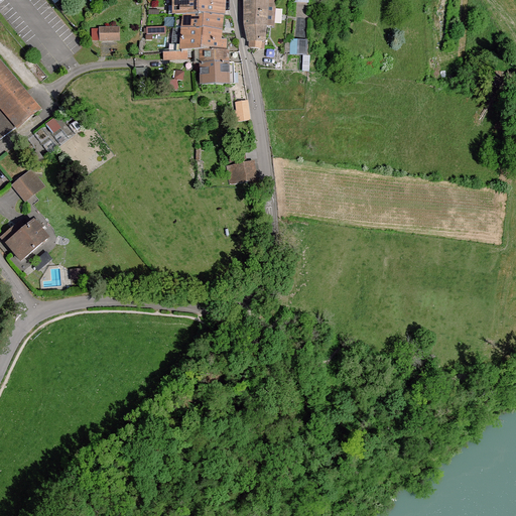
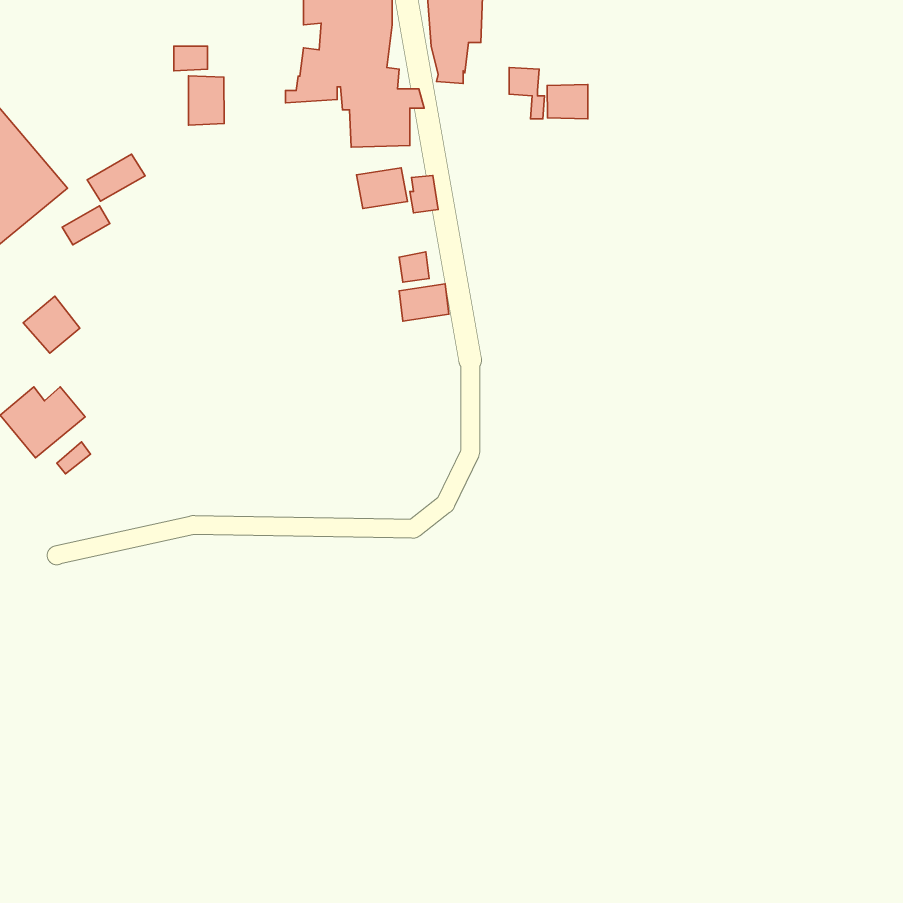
building: none -> [188,76,224,125]
building: none -> [547,84,588,119]
building: none -> [87,154,145,201]
building: none -> [356,168,408,208]

